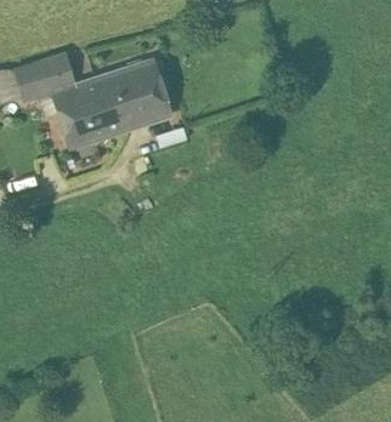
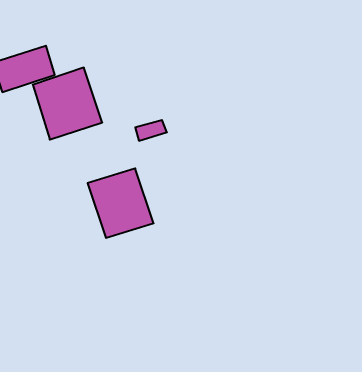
building: [104,62,170,131] -> [88,168,154,238]

